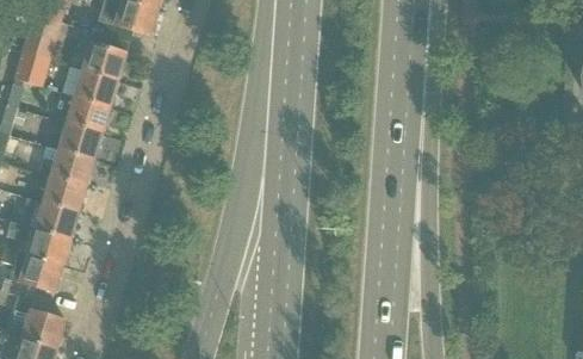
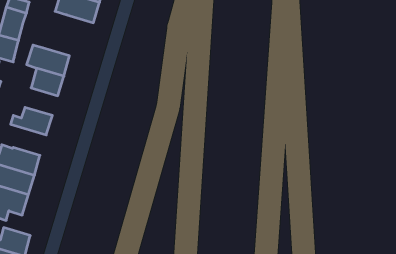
building: [82,39,126,78] -> none
building: [58,120,103,157] -> none
building: [35,169,87,211] -> none

